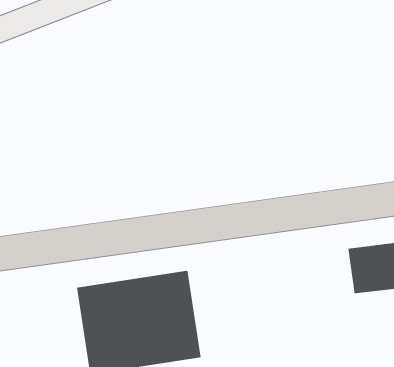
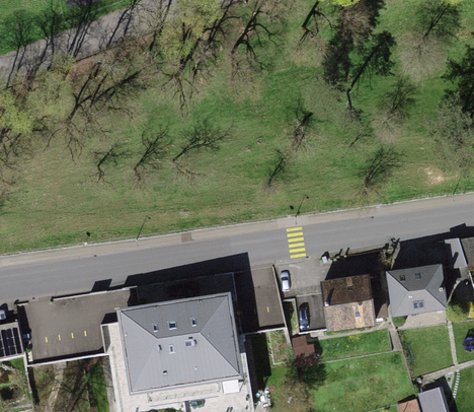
building: none -> [321,275,375,331]

